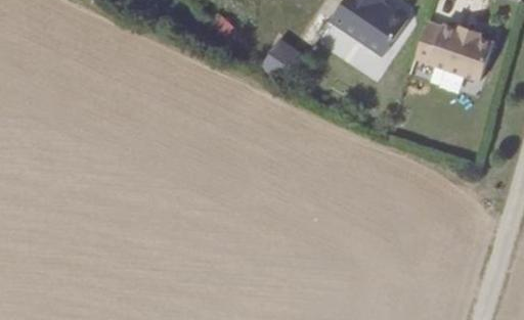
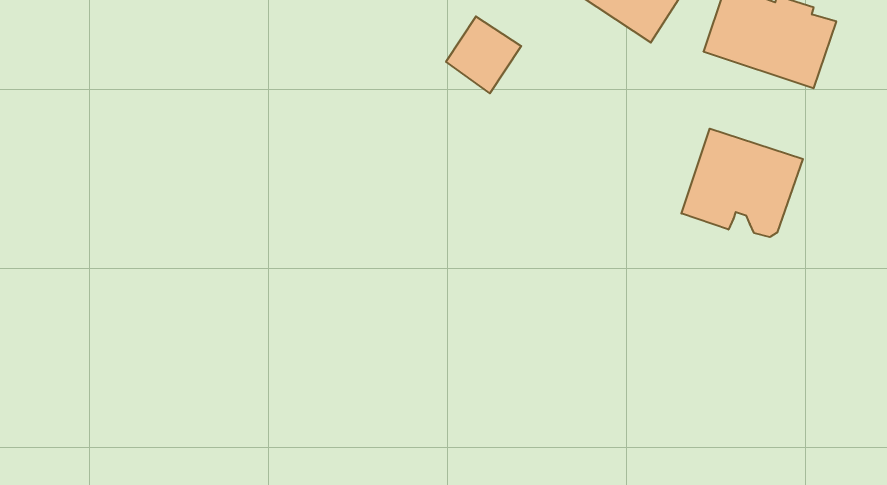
building: none -> [681,129,803,237]

